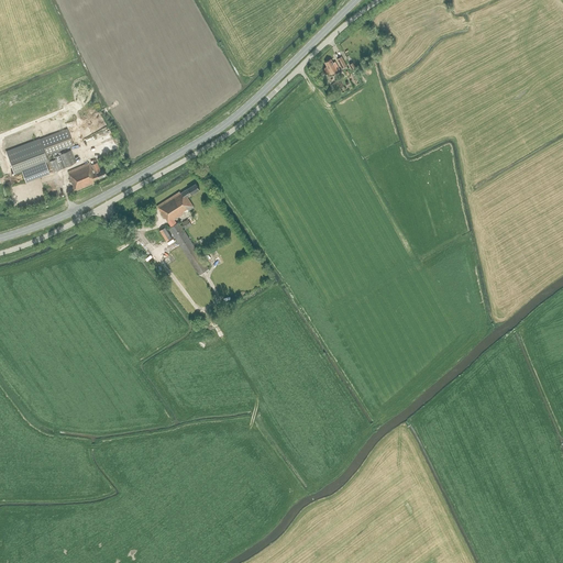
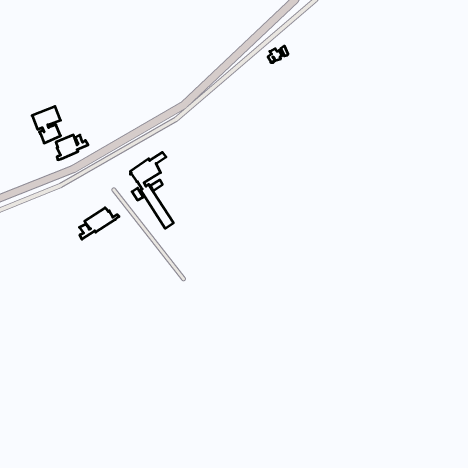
building: [4,137,48,181] -> none
building: none -> [79,208,119,239]

